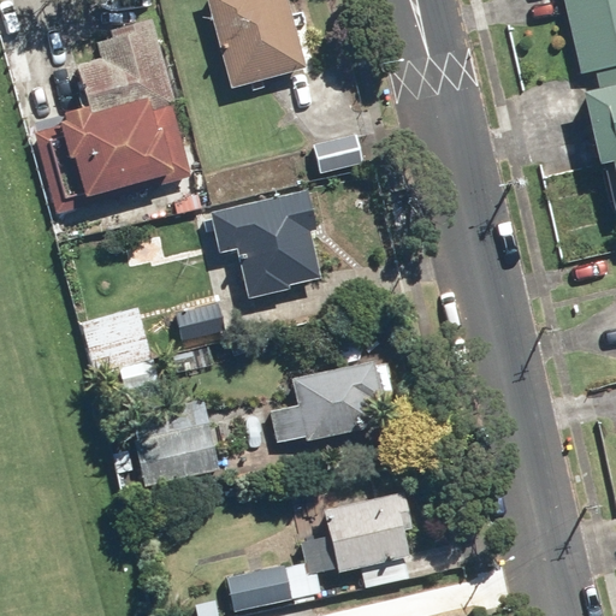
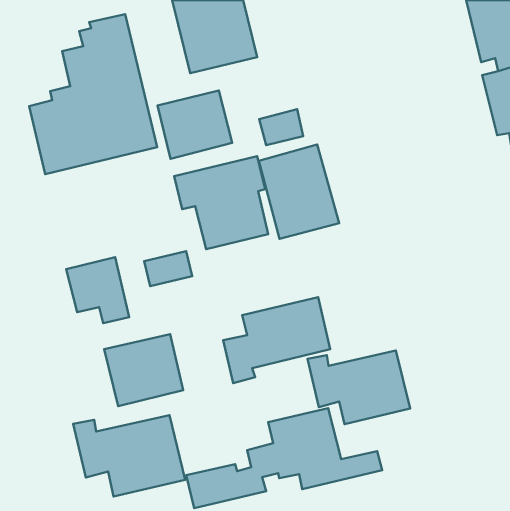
building: none -> [157,91,232,159]
building: none -> [259,144,339,239]
building: none -> [307,350,410,424]
building: none -> [73,415,185,497]

